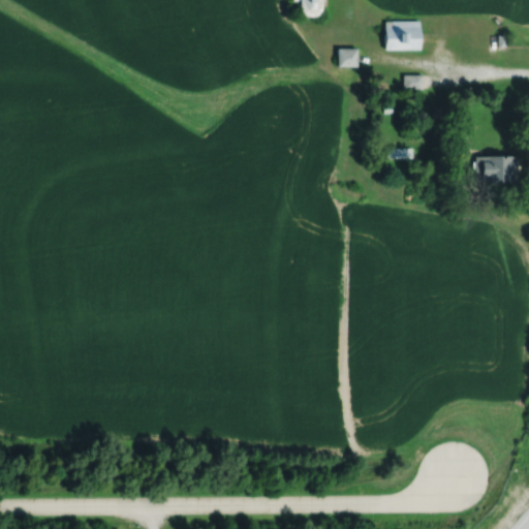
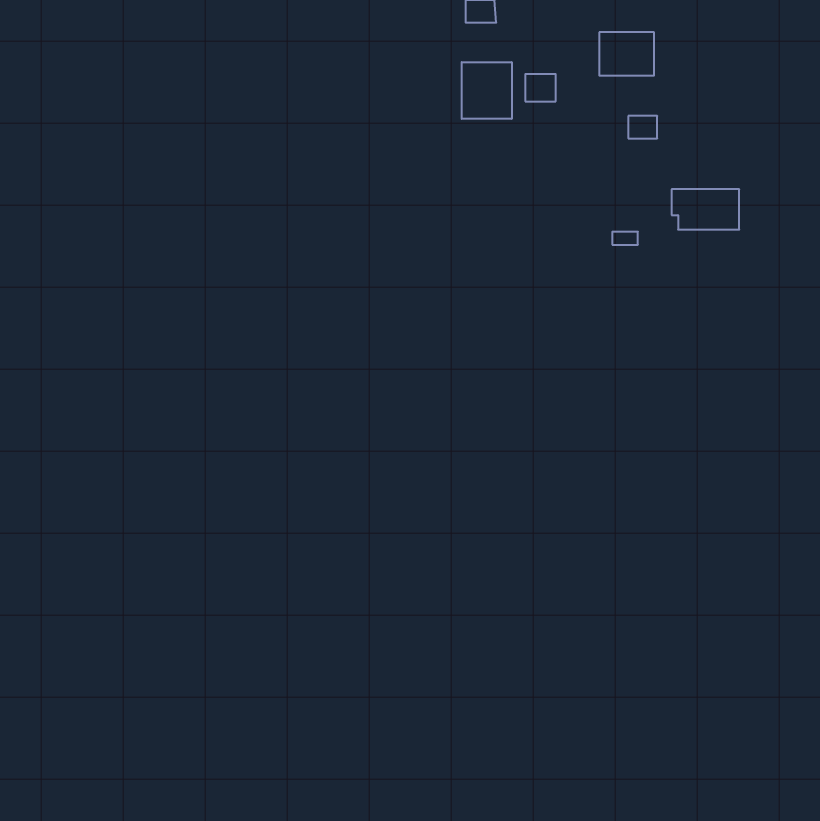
building: none -> [462,62,512,119]
building: [475,157,519,183] -> [672,189,739,230]

